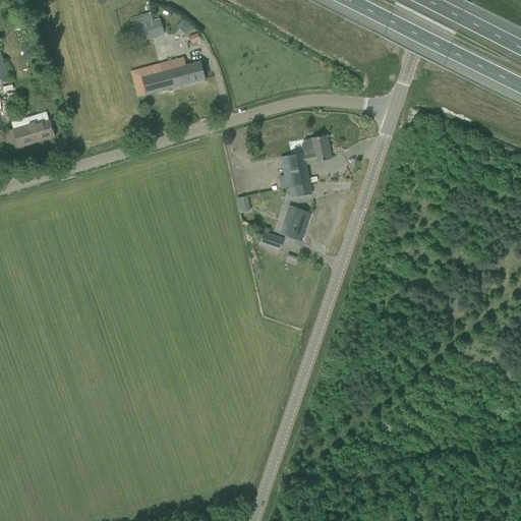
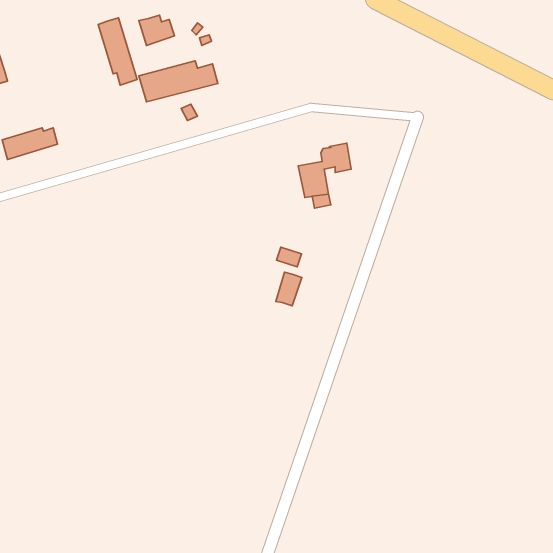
building: none -> [98,18,137,85]
building: [285,208,309,239] -> [276,272,302,306]

